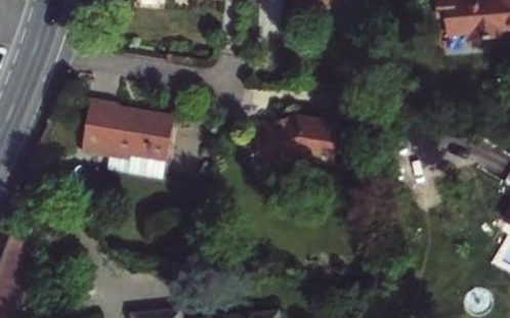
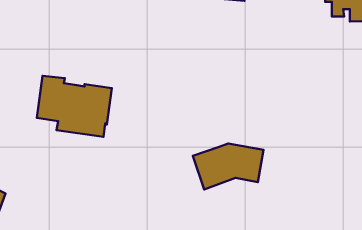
building: [244,127,332,184] -> [193,143,264,189]

